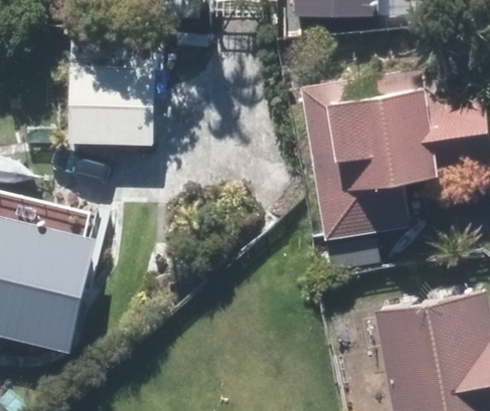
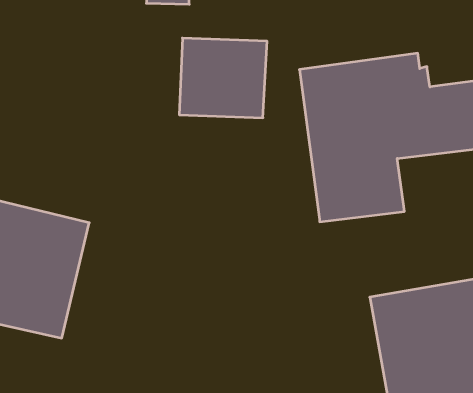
building: [67,70,154,149] -> [179,38,267,118]

